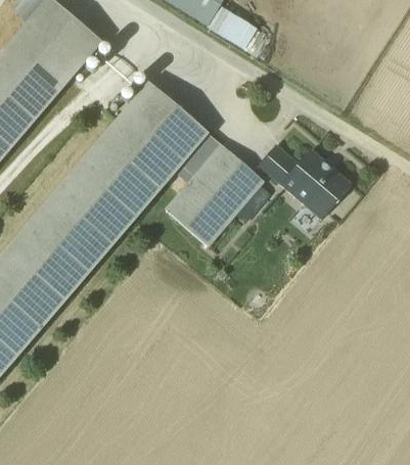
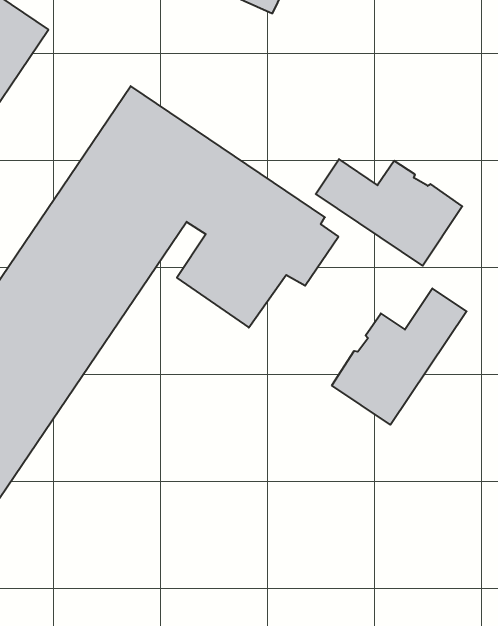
building: none -> [332,288,467,425]

